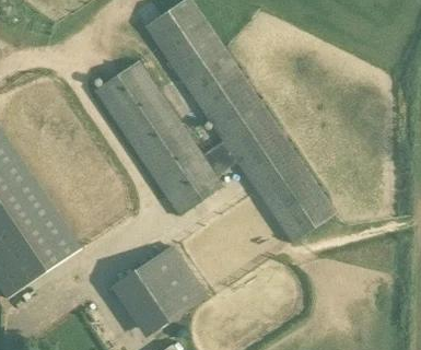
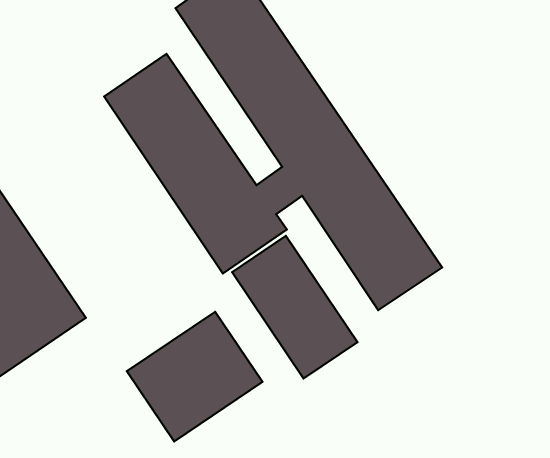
building: none -> [232,236,357,378]

